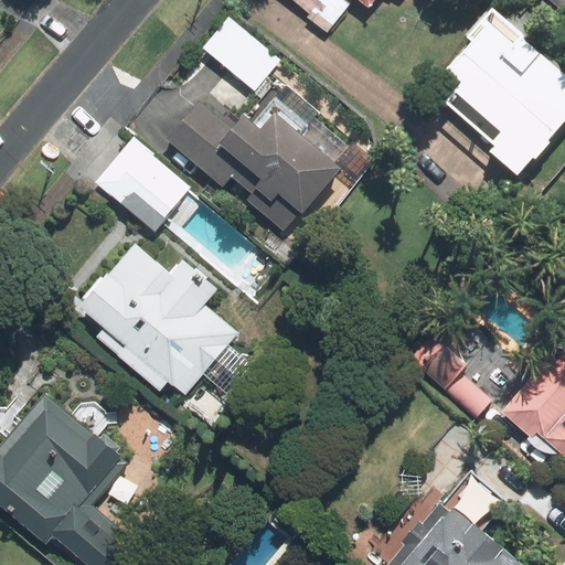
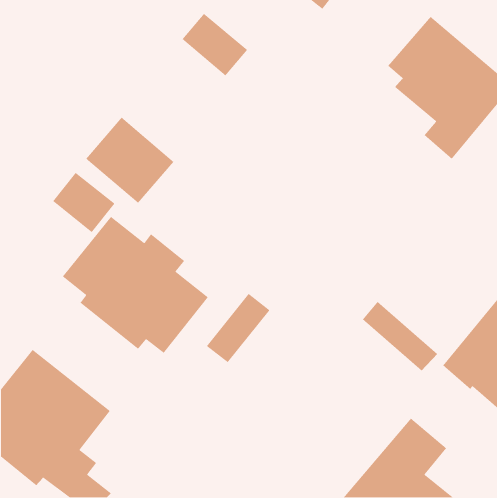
building: [167,100,335,234] -> none
building: none -> [52,172,115,233]
building: none -> [206,293,270,363]

